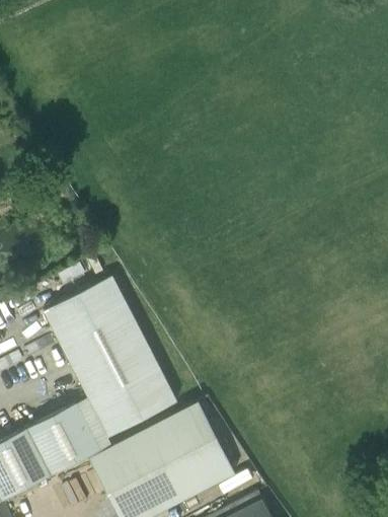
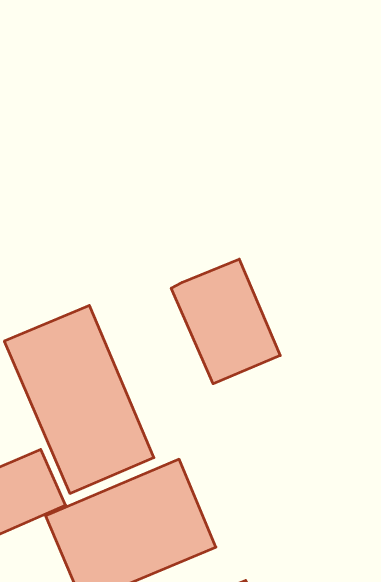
building: none -> [171,259,280,384]

